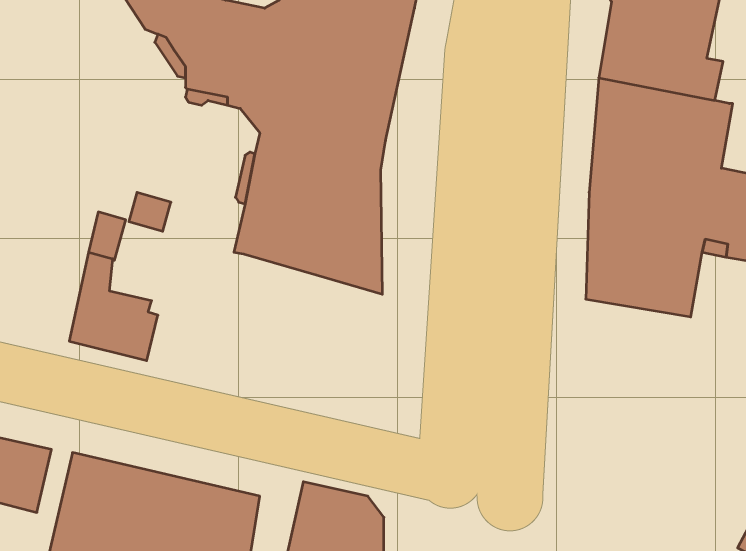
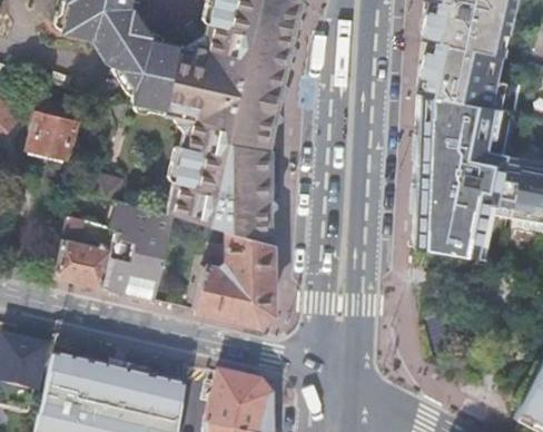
building: none -> [34,100,79,154]
building: none -> [109,208,177,300]
building: none -> [194,229,273,323]

